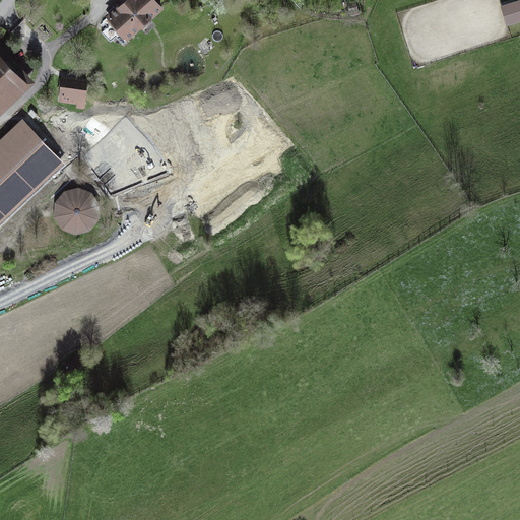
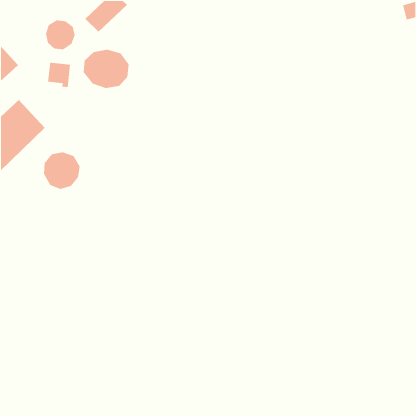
building: none -> [45,20,76,50]
building: none -> [83,49,130,89]

